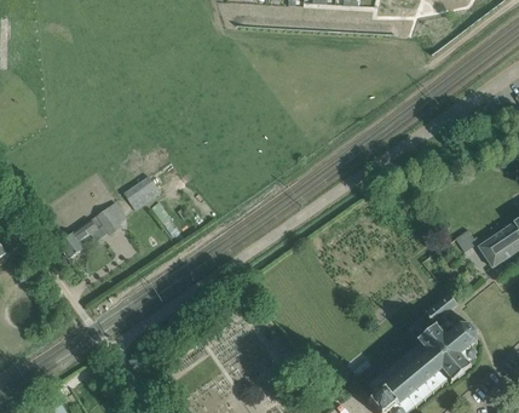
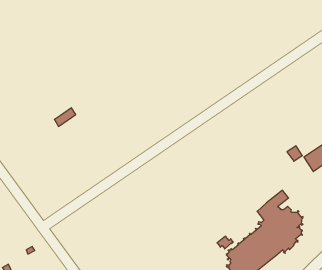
building: [58,202,126,259] -> none

